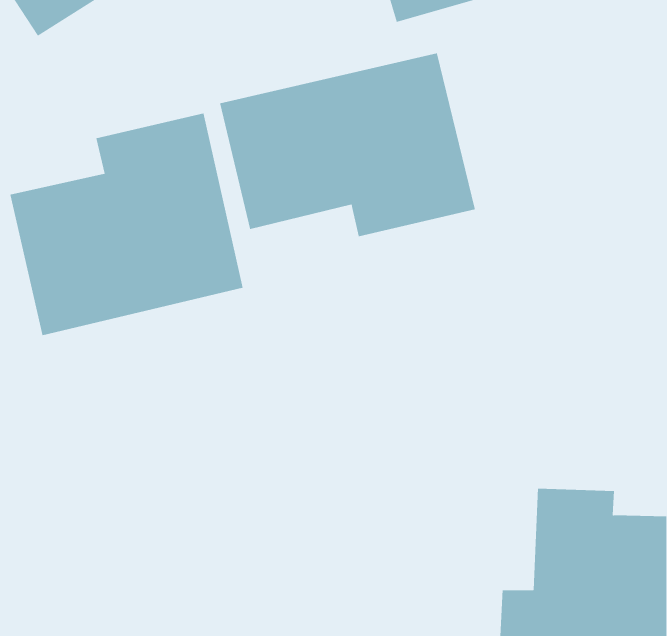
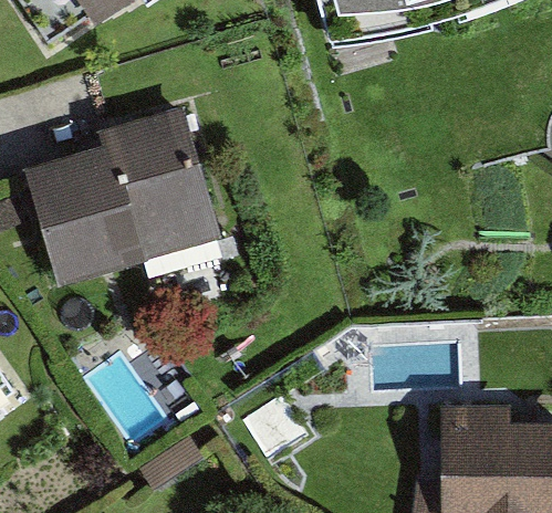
building: [219,53,476,237] -> none

